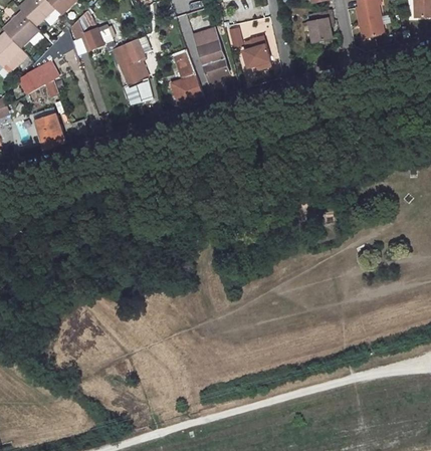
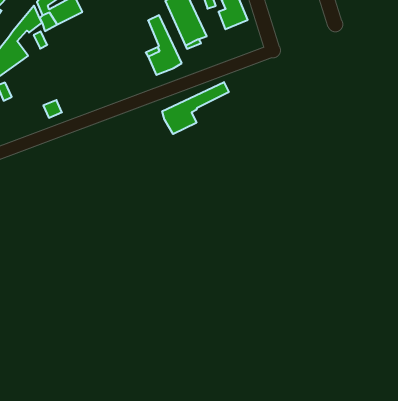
building: [113,38,149,84] -> none
building: [35,116,66,149] -> none
building: none -> [162,82,229,134]

